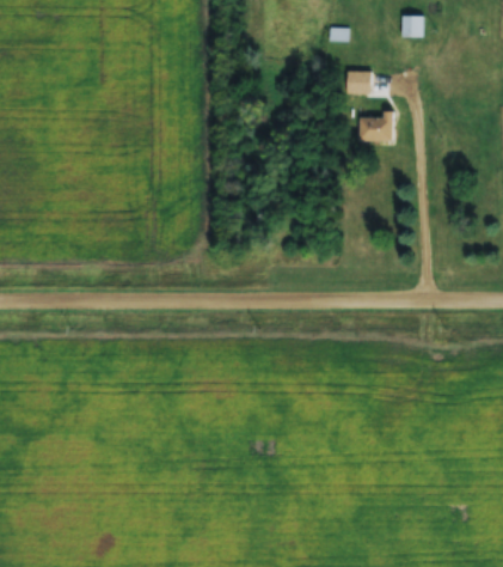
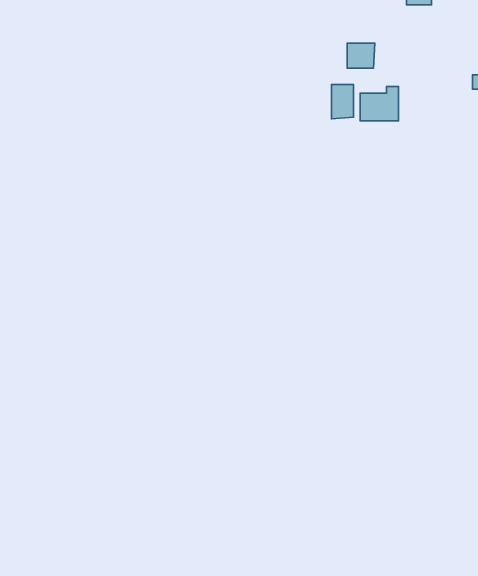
building: none -> [332,85,354,119]

